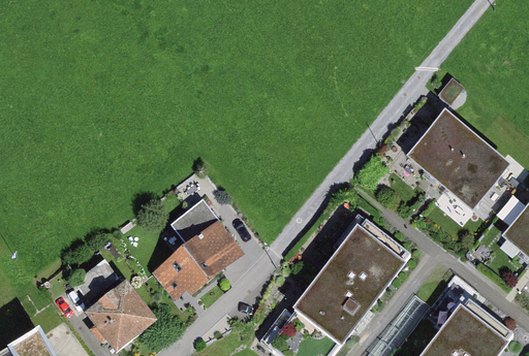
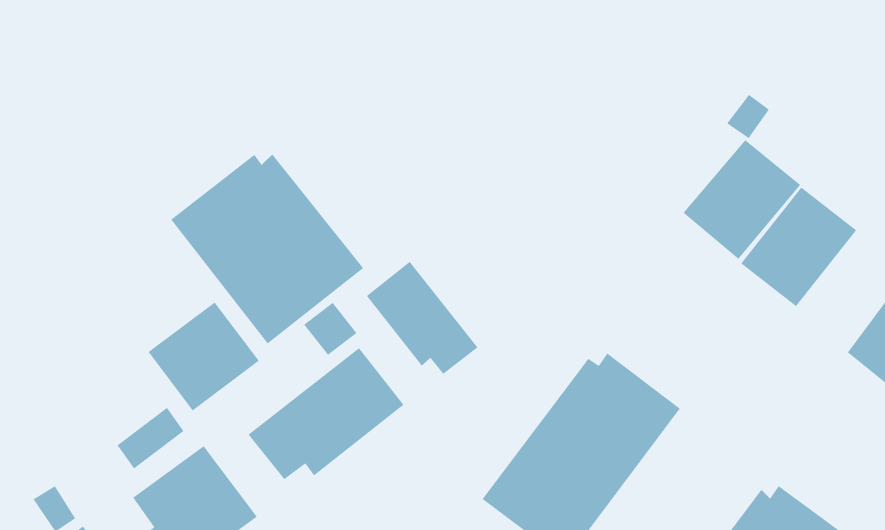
building: none -> [170,154,364,344]
building: none -> [366,261,479,375]
building: none -> [148,301,260,411]

